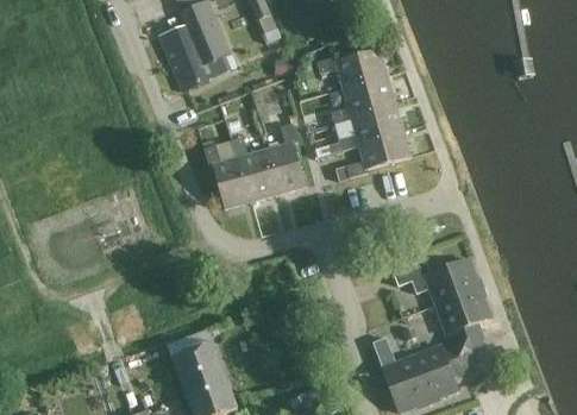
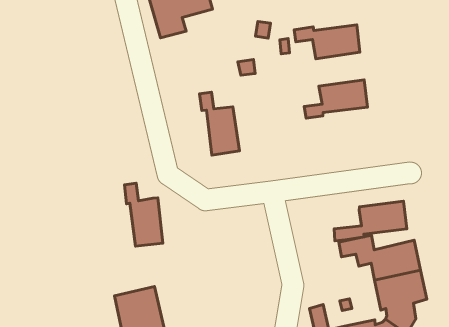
building: [331,75,395,124] -> none
building: [265,122,306,193] -> none
building: [335,130,409,180] -> [334,201,407,241]
building: [203,144,251,208] -> [124,183,163,246]

